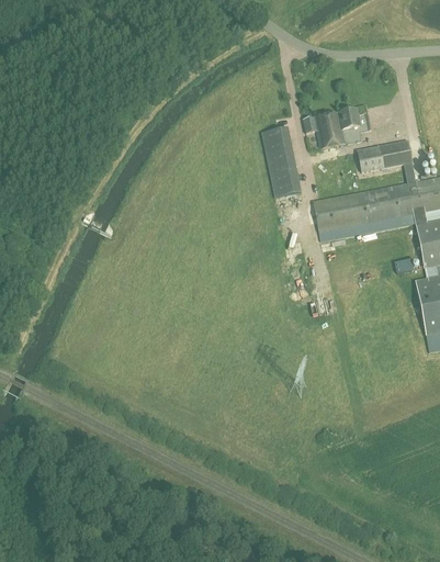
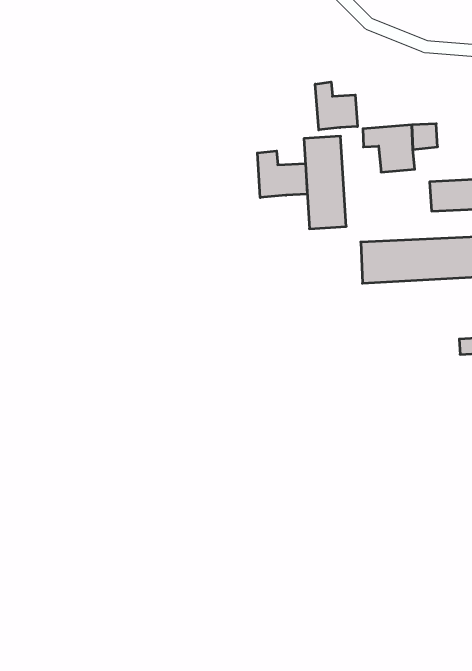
building: none -> [315,82,357,130]
building: none -> [257,151,307,198]

